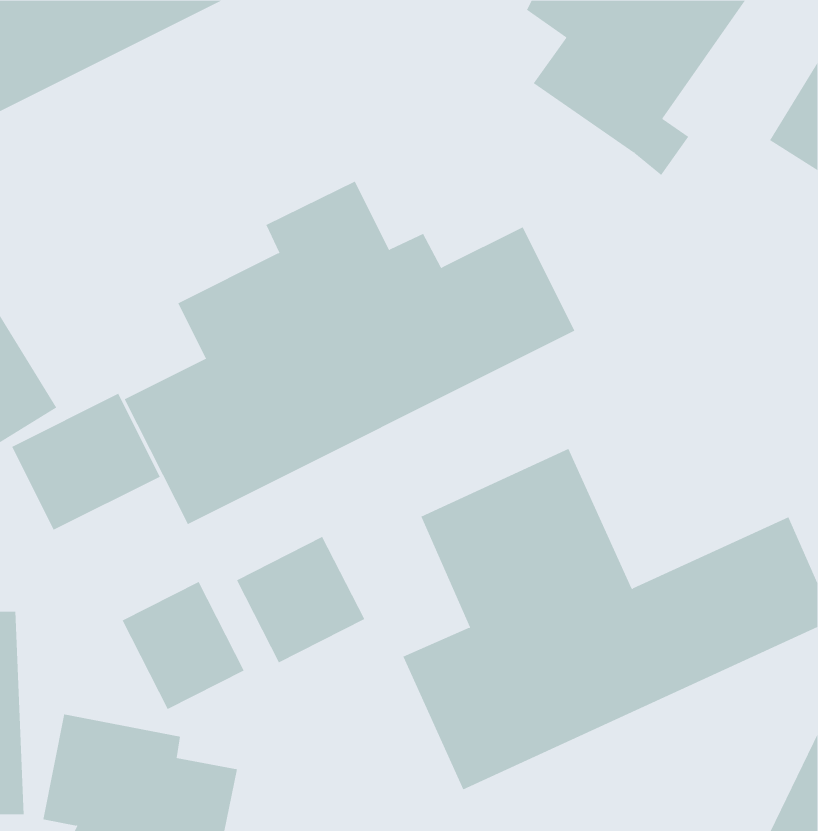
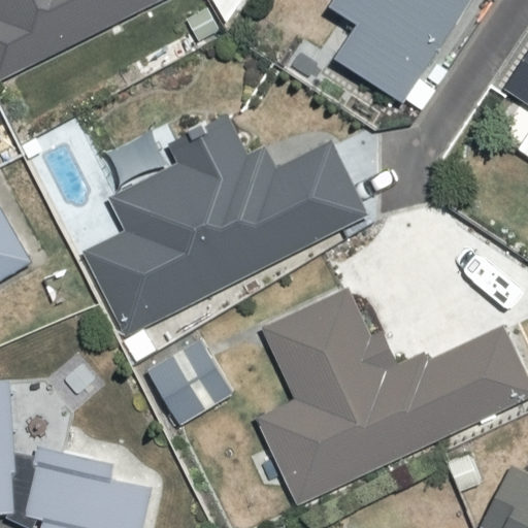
building: [12,393,161,531] -> none
building: [122,581,244,710] -> none

